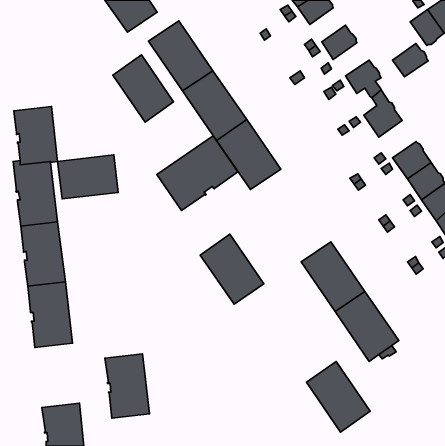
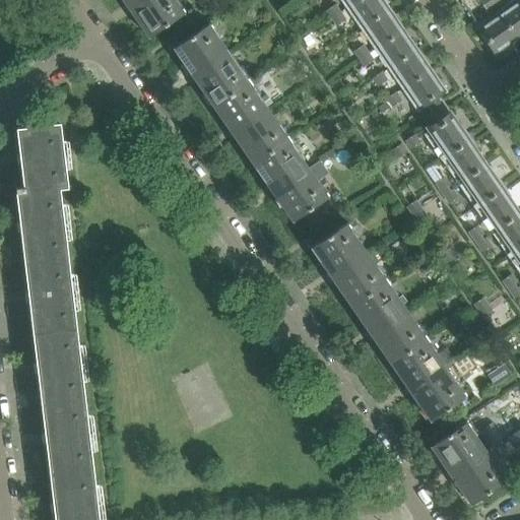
building: none -> [362,9,403,49]
building: [392,44,428,77] -> [389,50,431,88]
building: [113,55,174,122] -> none
building: none -> [442,140,485,184]
building: [157,136,238,211] -> none
building: [58,155,118,199] -> none
building: [200,234,264,304] -> [312,223,386,305]
building: [105,354,149,418] -> [42,399,93,474]
building: [306,361,370,432] -> [432,422,506,505]

